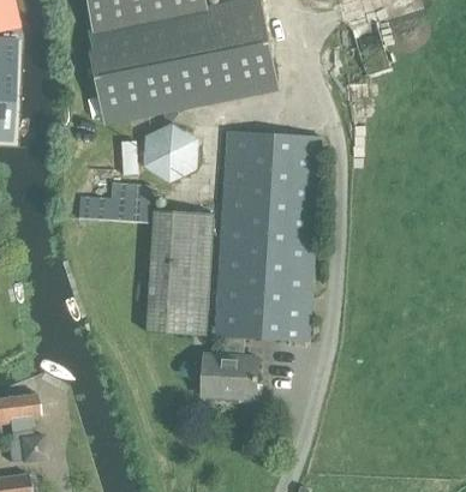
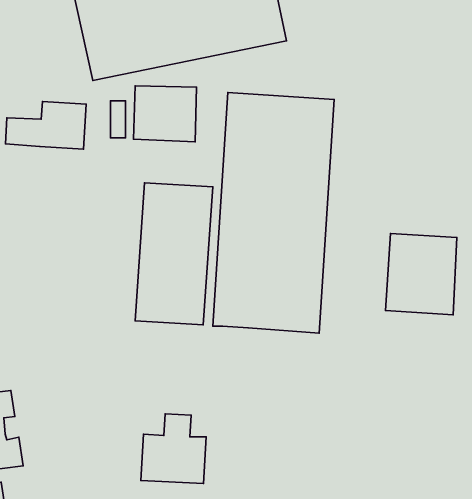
building: [79,181,150,223] -> [6,101,86,149]
building: none -> [385,233,457,315]
building: [201,336,258,397] -> [141,414,206,483]

